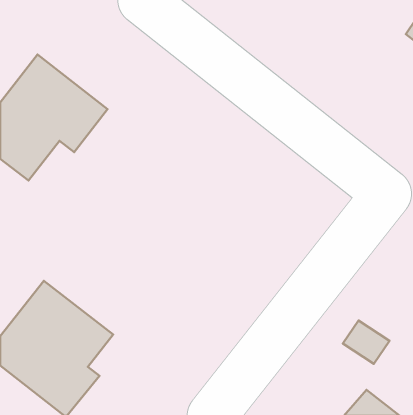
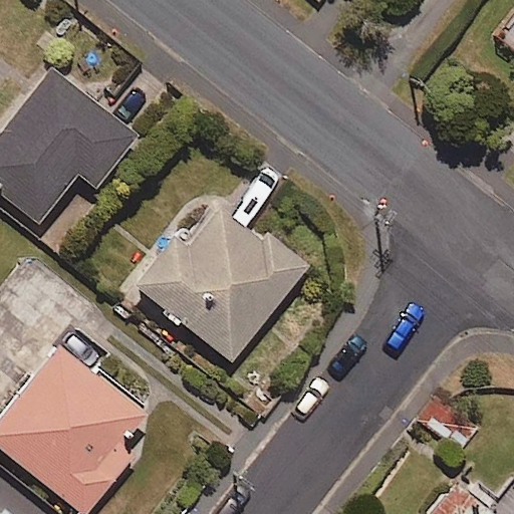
building: none -> [133,199,308,362]

